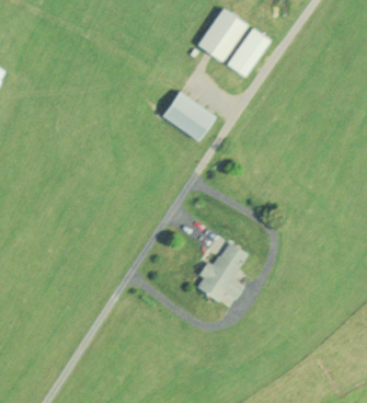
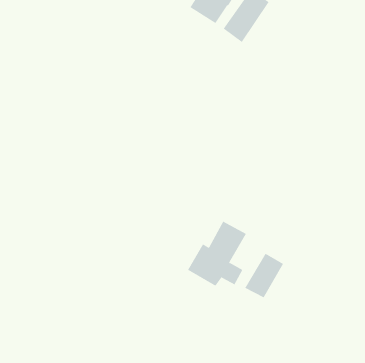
building: [161,91,217,142] -> none
building: none -> [245,253,284,298]

